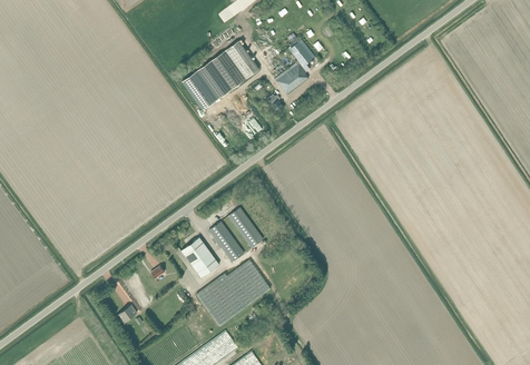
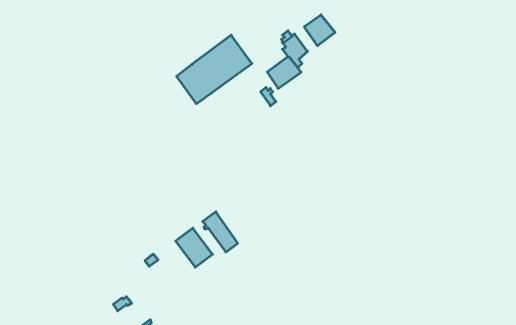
building: none -> [305,15,335,46]
building: [227,207,263,248] -> none
building: [196,259,269,325] -> none

